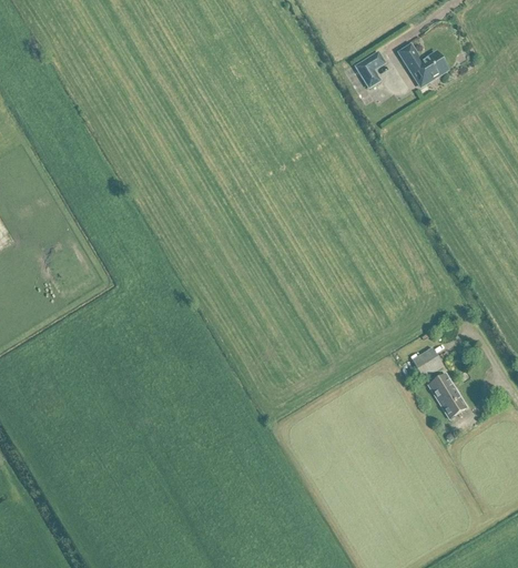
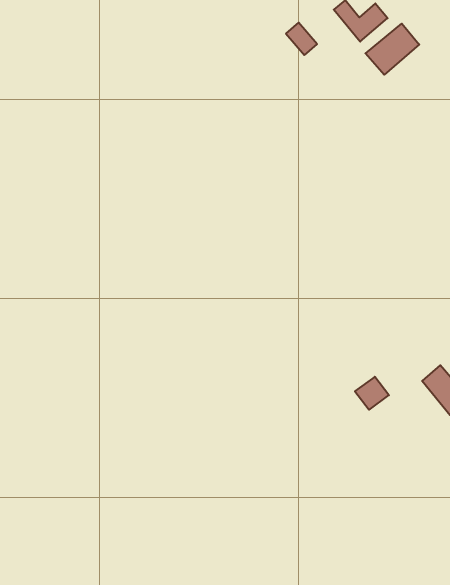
building: none -> [365,24,419,75]
building: [412,347,440,375] -> [355,377,389,410]

